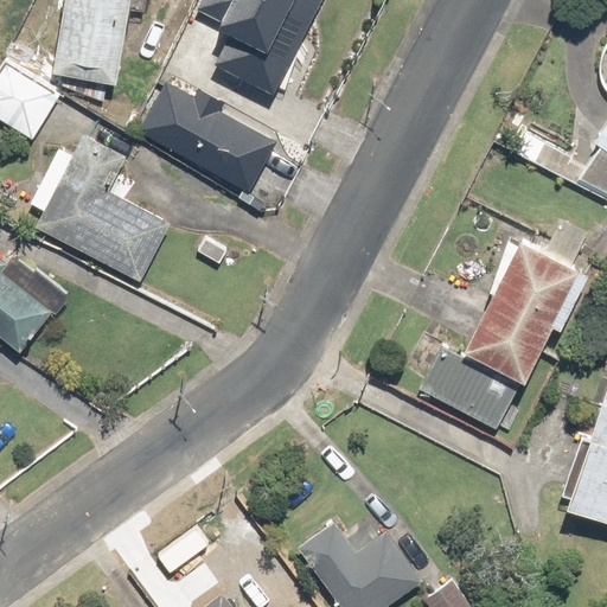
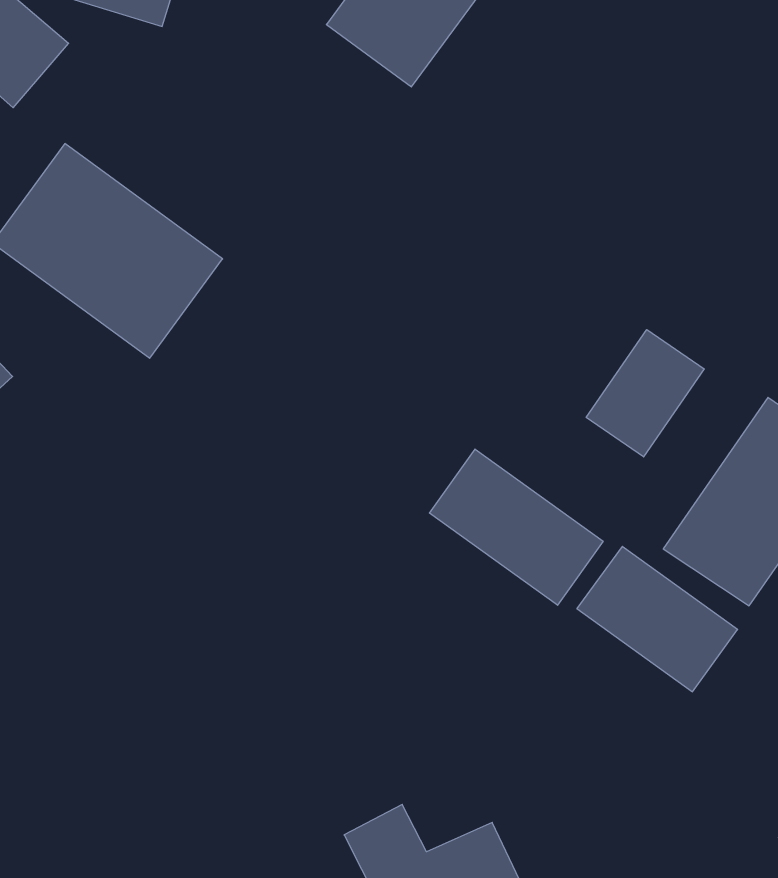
building: [141,83,276,193] -> none
building: none -> [586,330,704,457]
building: none -> [429,449,603,605]

